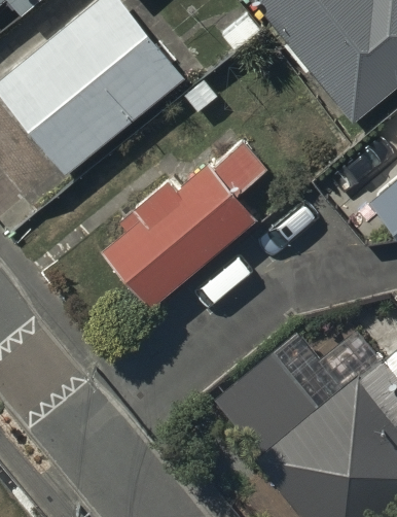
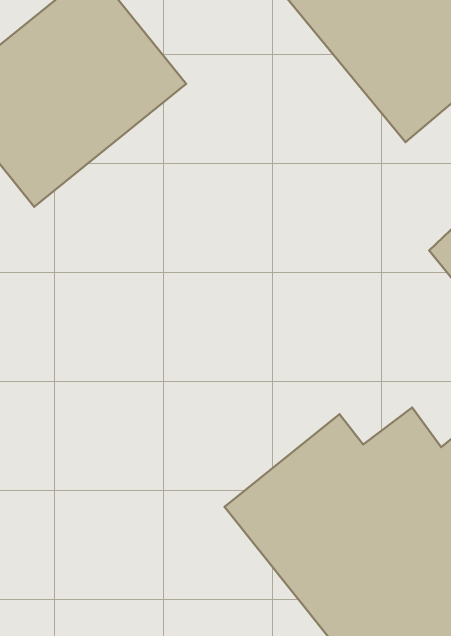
building: [102,144,266,310] -> none

